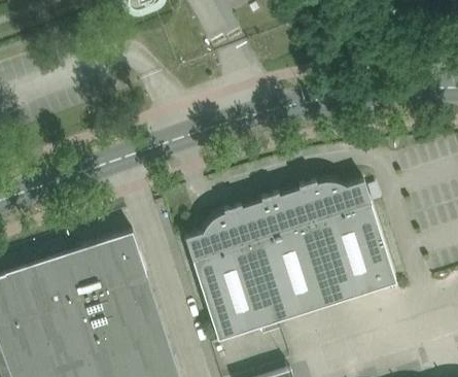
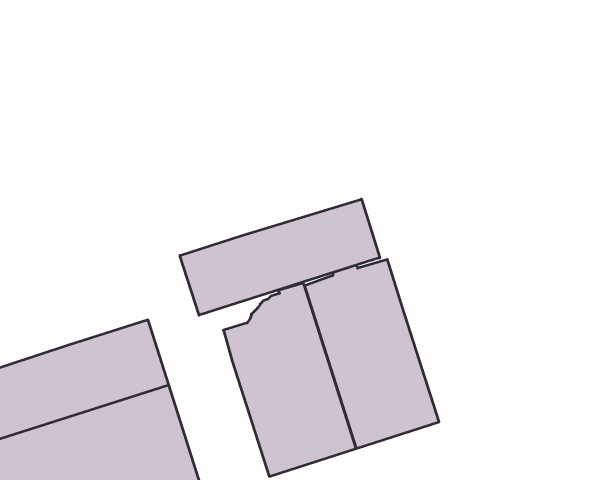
building: none -> [180,199,380,315]
building: [298,182,396,304] -> none

